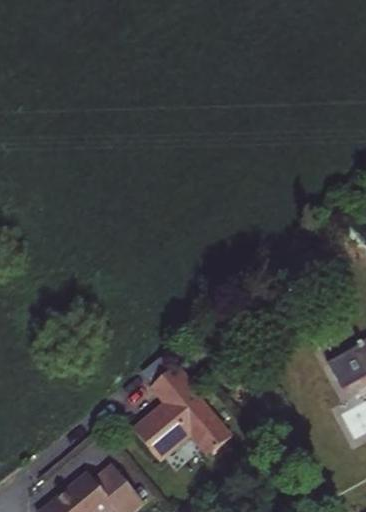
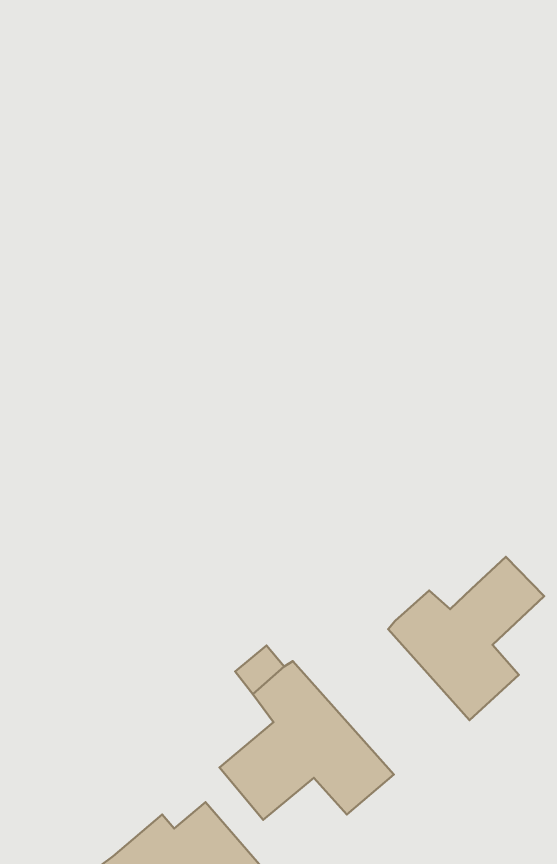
building: none -> [388,557,544,720]

